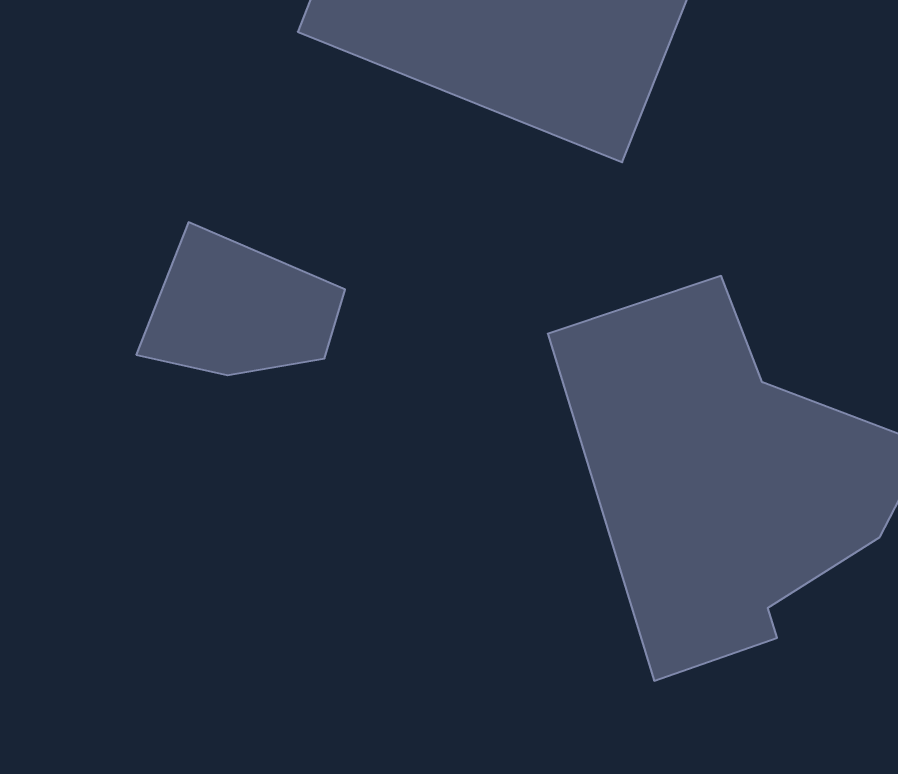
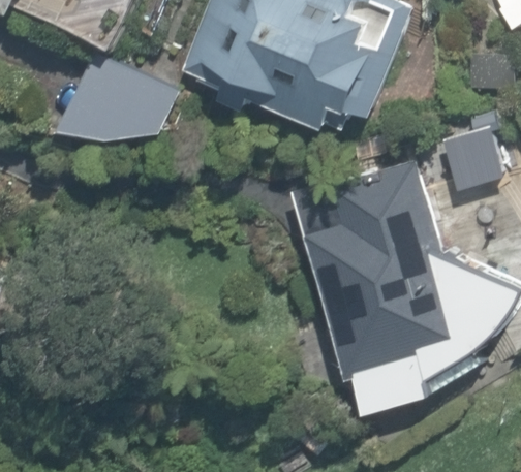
building: [136,222,345,375] -> [64,54,180,138]

